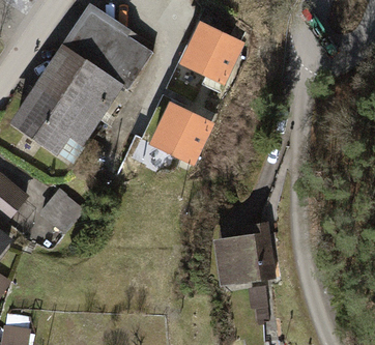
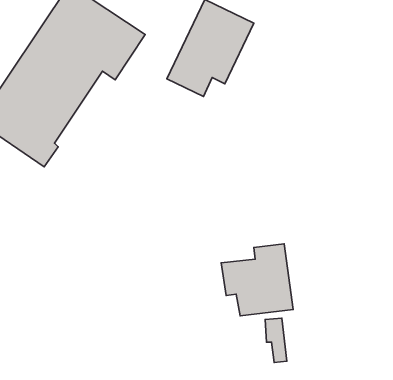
building: [147,102,212,164] -> none
building: [41,190,85,233] -> none

